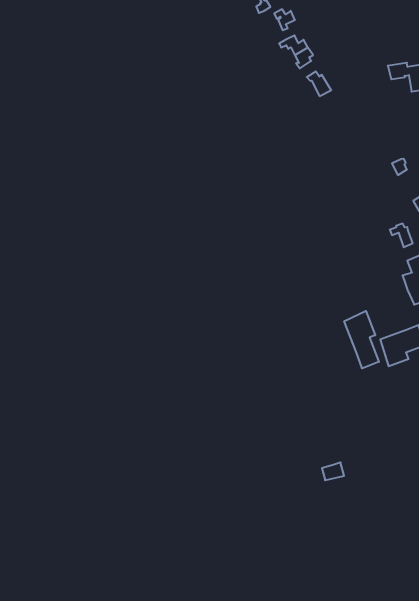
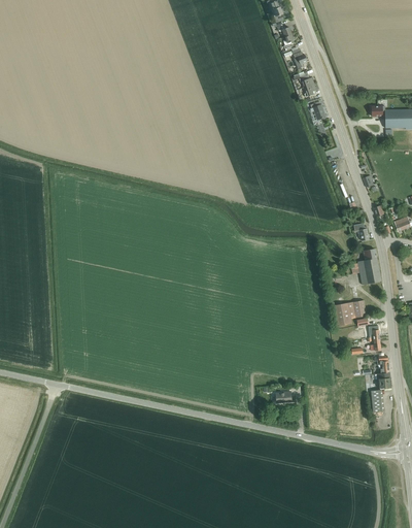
building: [344,311,379,368] -> none

